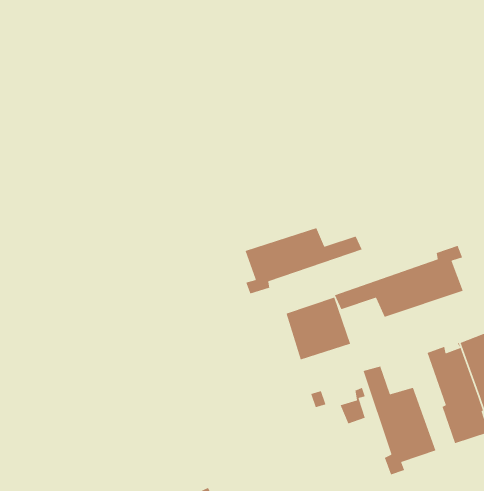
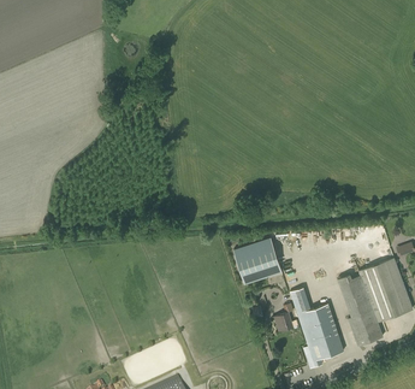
building: [244,227,363,295] -> none
building: [334,245,464,318] -> none

